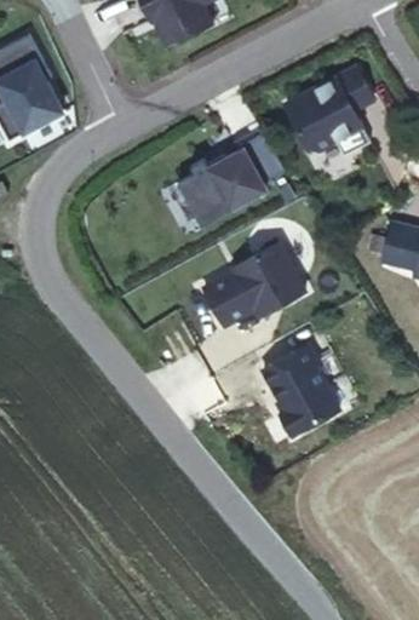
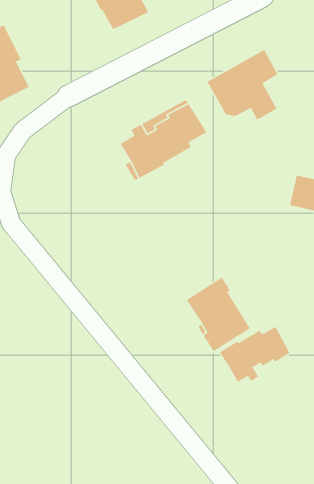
building: [199,243,300,326] -> none
building: none -> [219,326,291,383]

